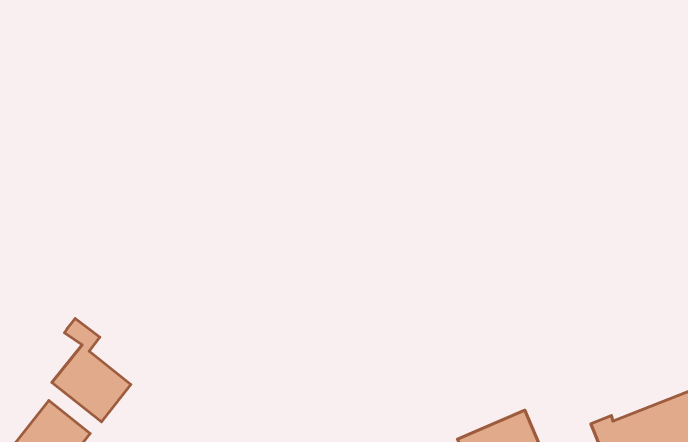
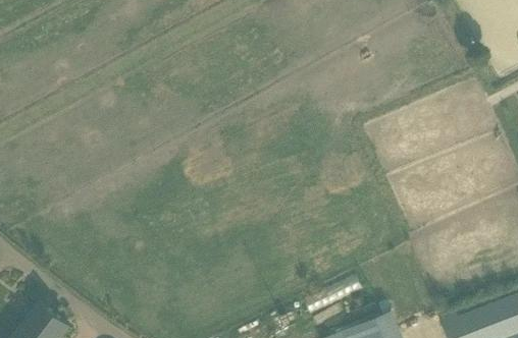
building: [52,319,131,422] -> none

